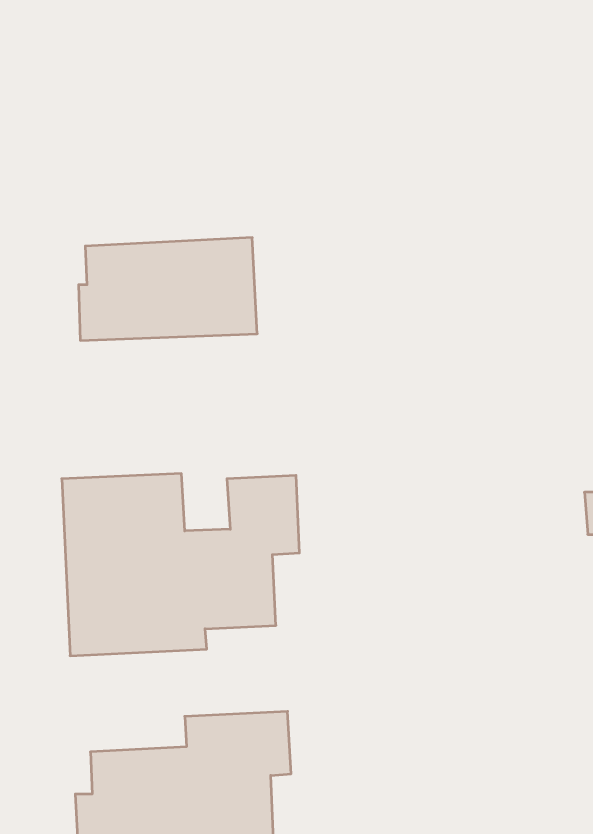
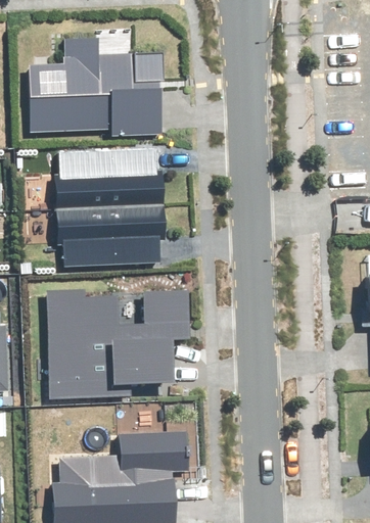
building: none -> [29,38,161,135]
building: none -> [56,205,165,267]

